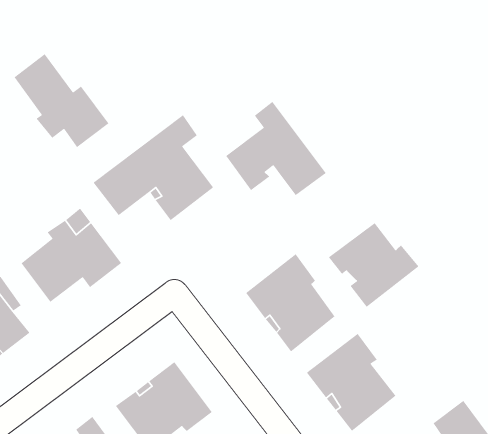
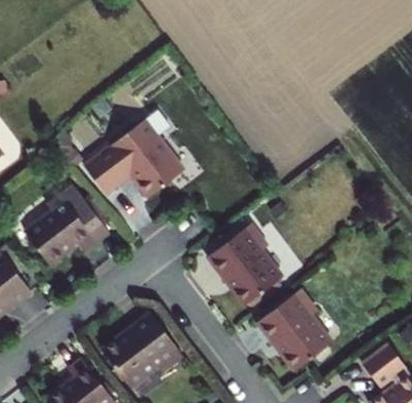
building: [13,53,110,148] -> none
building: [225,101,327,196] -> none
building: [328,222,419,308] -> none

